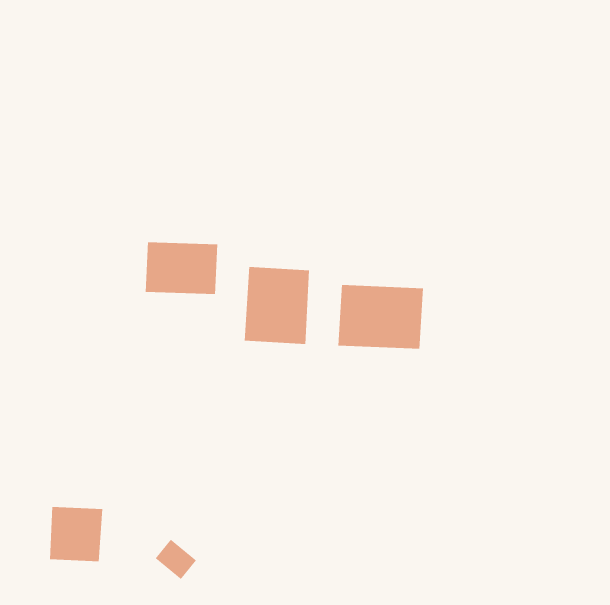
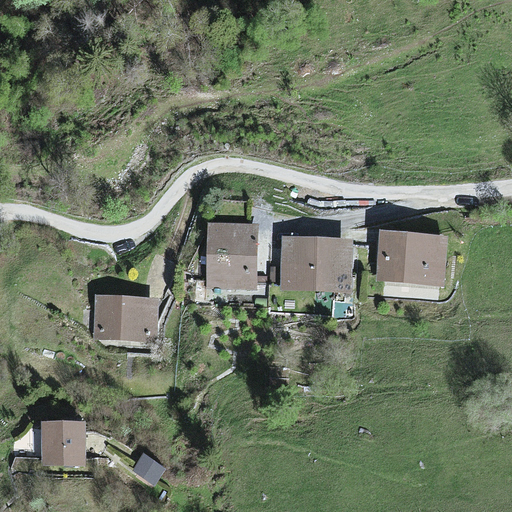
building: [145,242,218,294] -> [92,294,153,338]
building: none -> [375,229,446,286]

